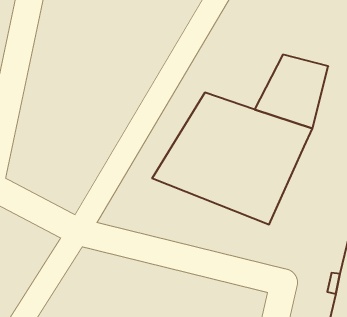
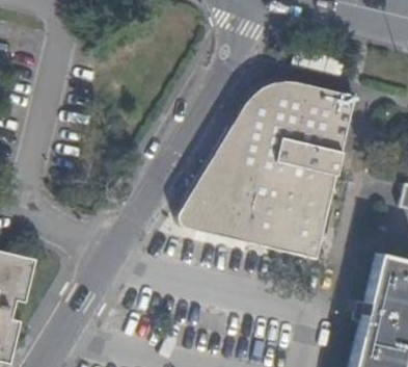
building: none -> [236,82,312,139]
building: none -> [178,158,342,259]

